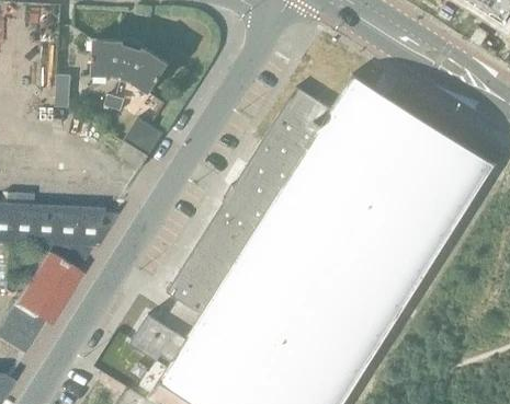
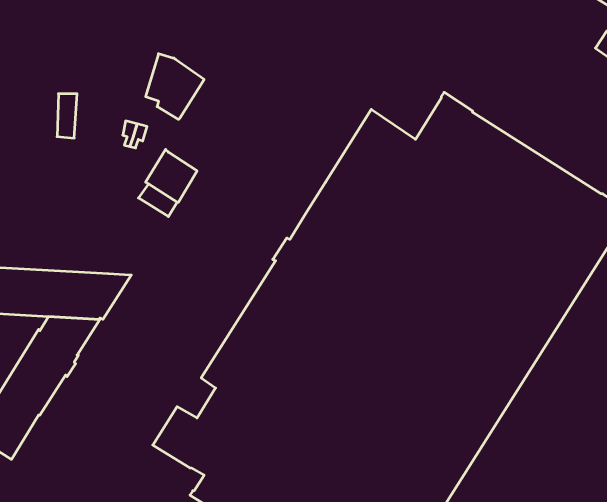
building: [90,39,133,78] -> none

